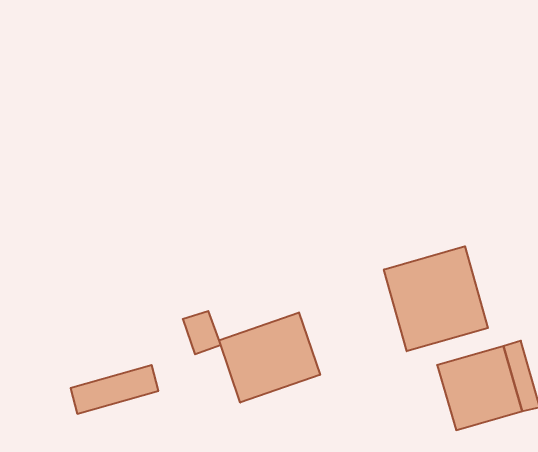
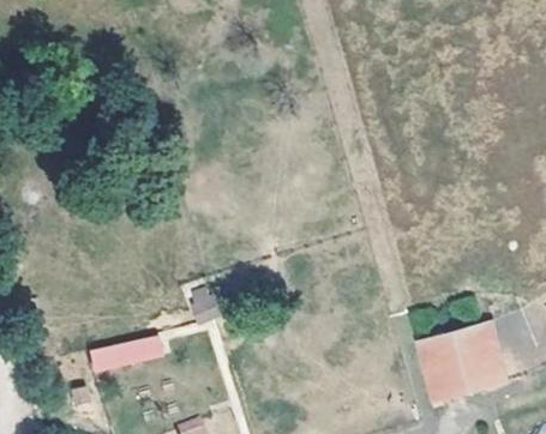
building: [384,246,488,351] -> none
building: [219,312,320,403] -> none

